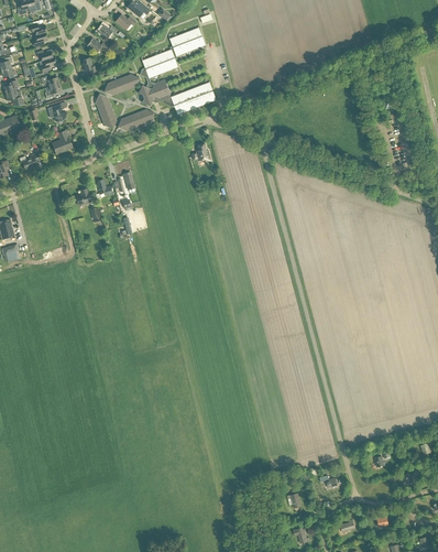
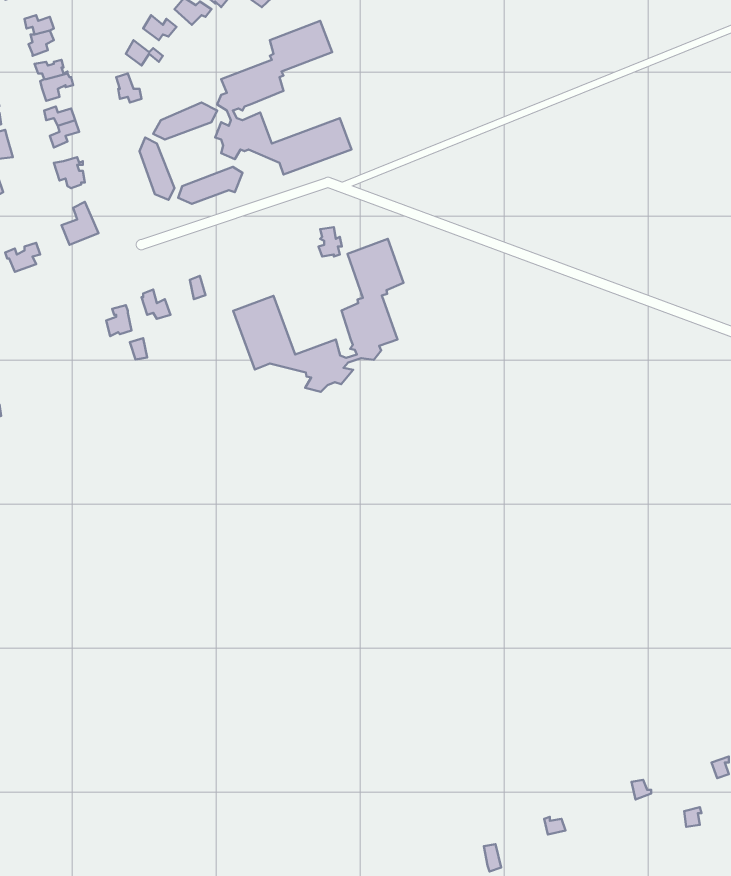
building: none -> [233,239,403,392]

